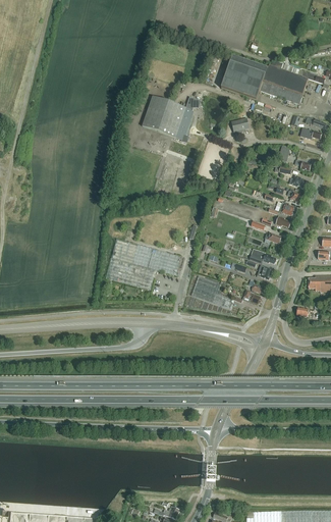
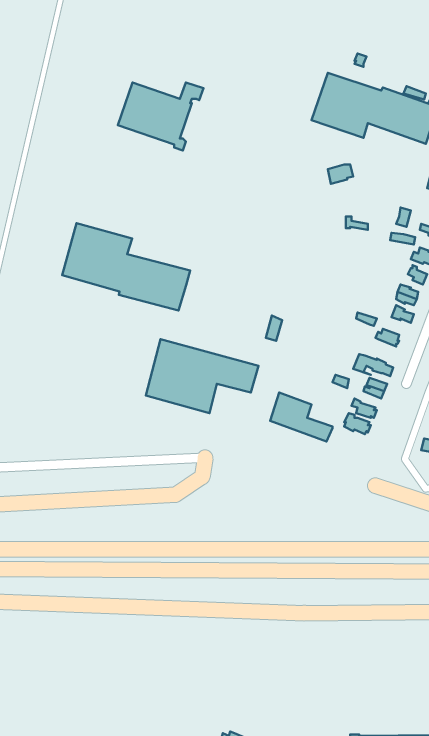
building: [142,96,201,143] -> [118,82,204,150]
building: none -> [62,223,190,311]

